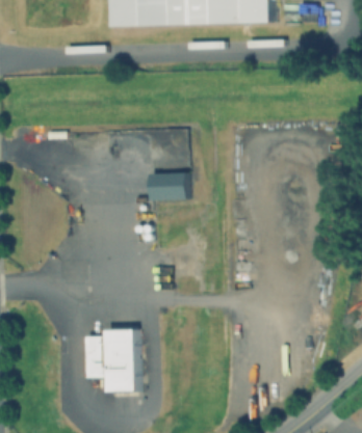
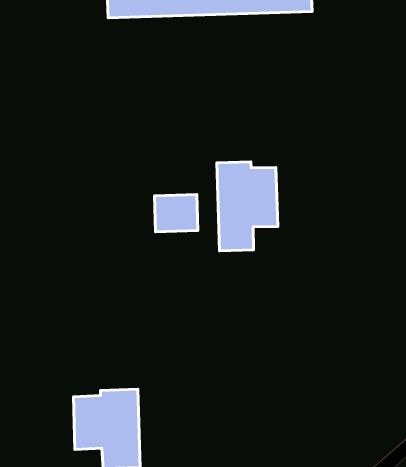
building: none -> [217,162,278,251]

